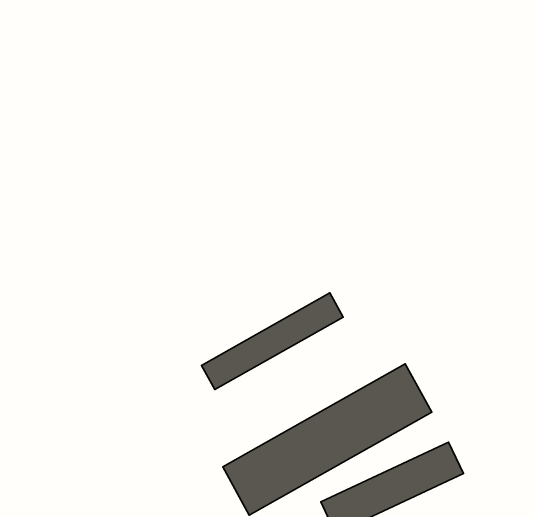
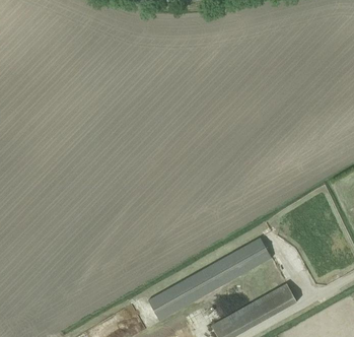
building: [201,293,343,390] -> none

